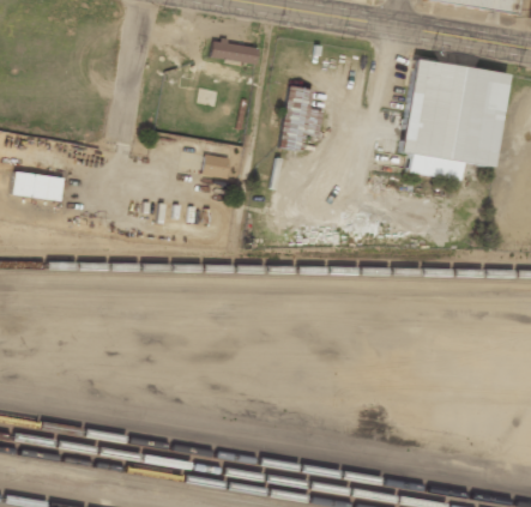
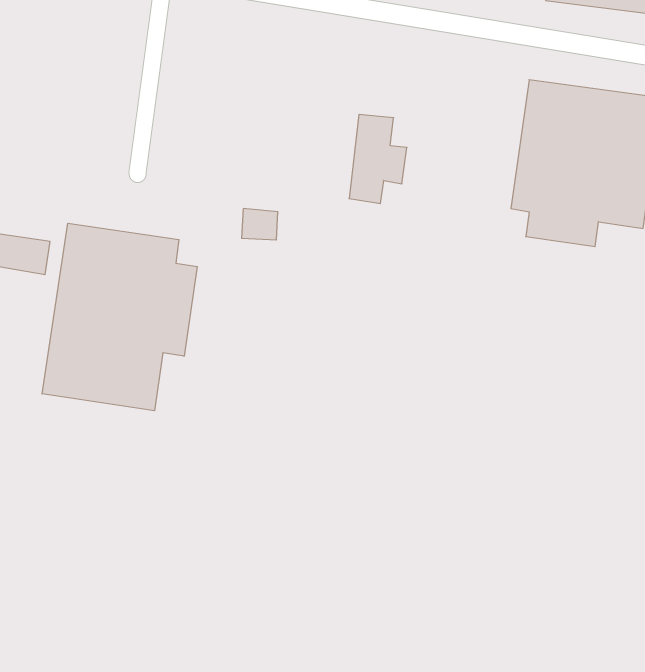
building: [213,38,260,61] -> none
building: none -> [42,223,197,411]

